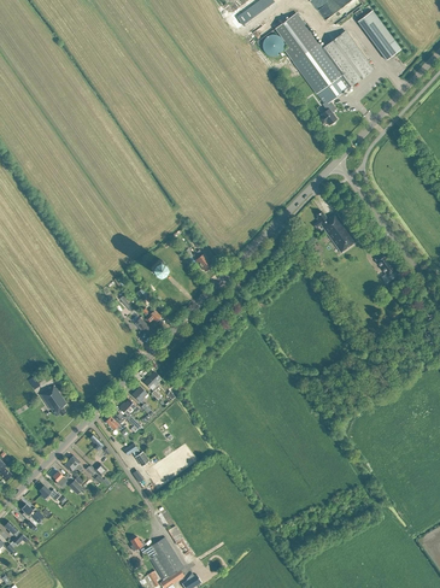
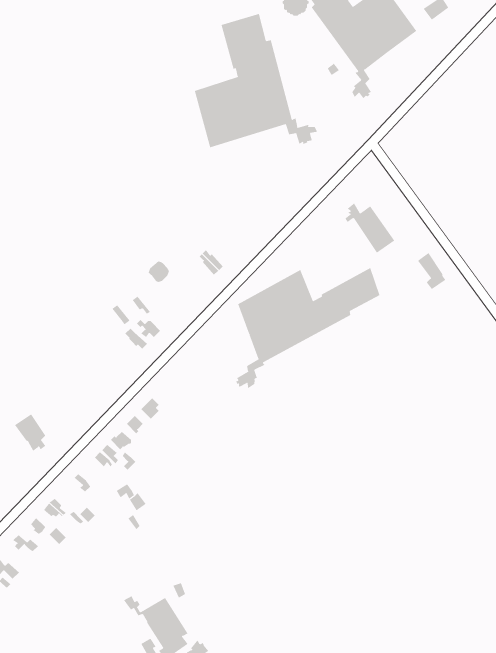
building: none -> [194,13,318,148]
building: none -> [235,267,380,389]

